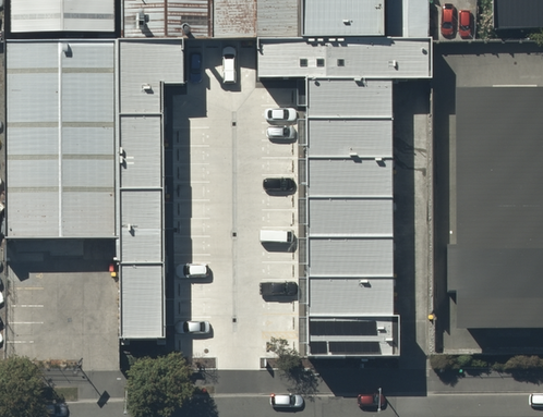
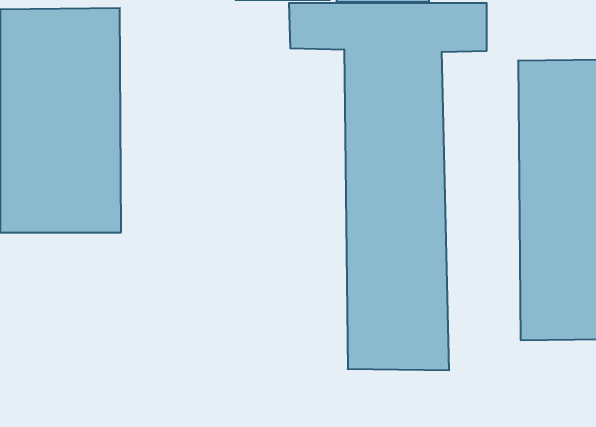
building: [119,44,185,339] -> none

